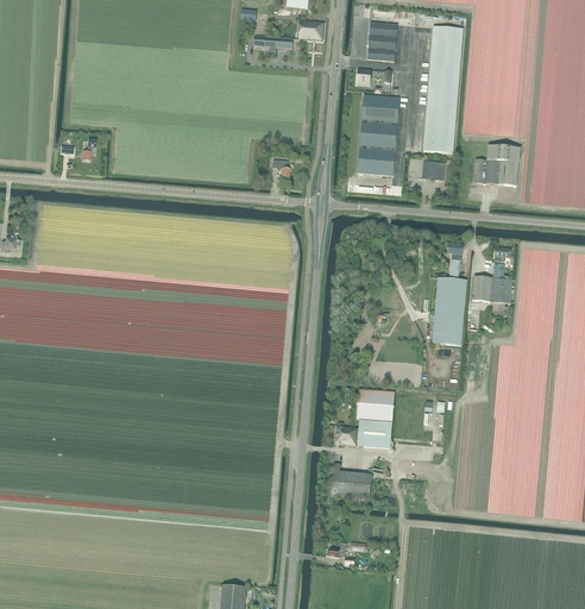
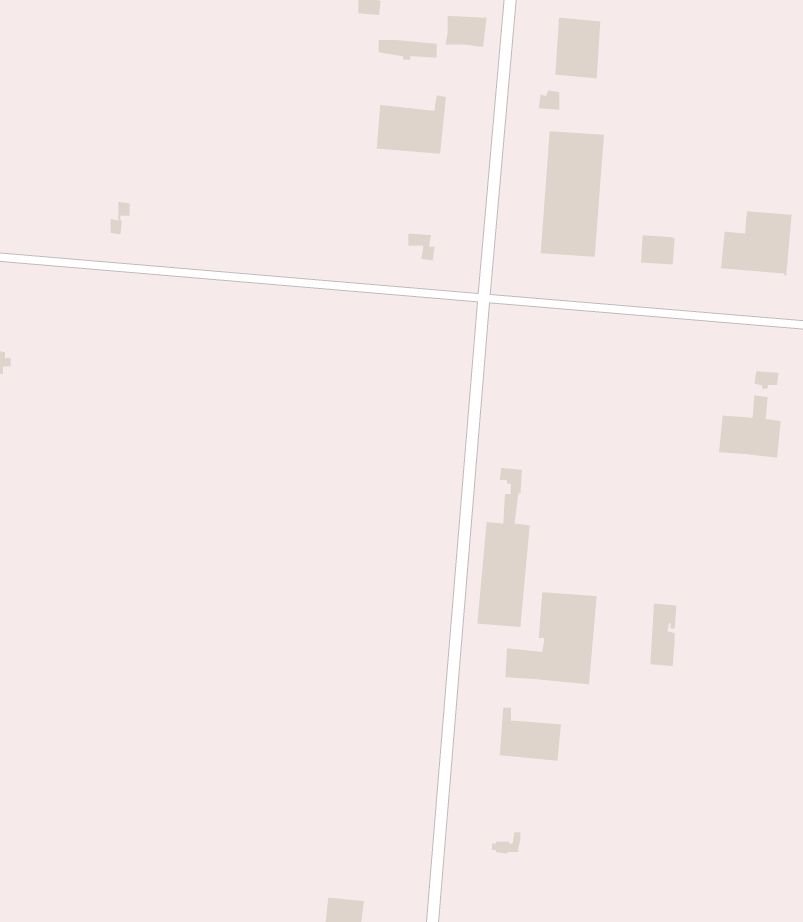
building: [423,25,463,152] -> none
building: none -> [376,95,446,155]
building: [433,243,467,345] -> [476,468,530,627]

